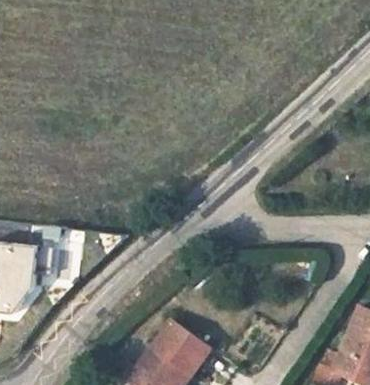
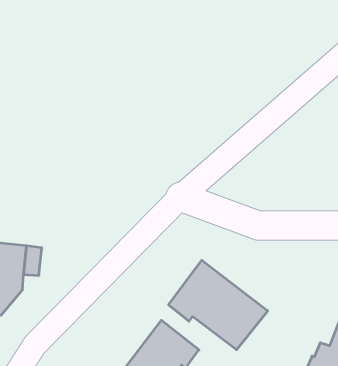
building: none -> [169,260,268,350]

